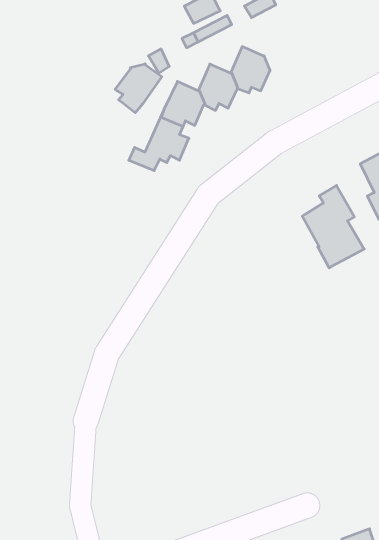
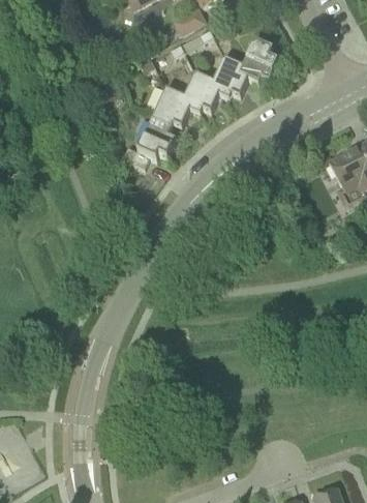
building: none -> [243,39,278,81]
building: [115,64,162,113] -> none
building: [302,185,364,268] -> none

